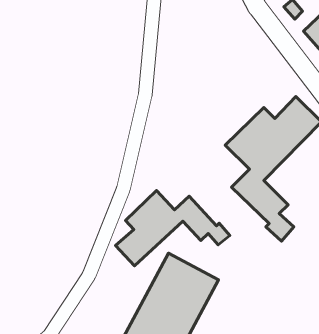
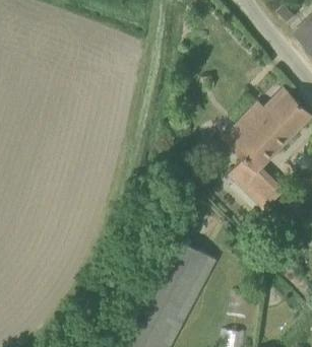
building: [116,191,230,266] -> none

